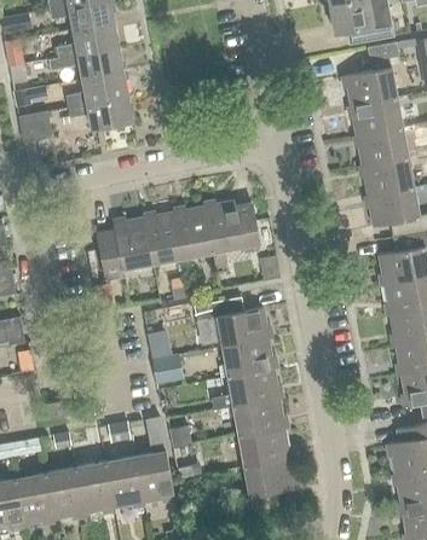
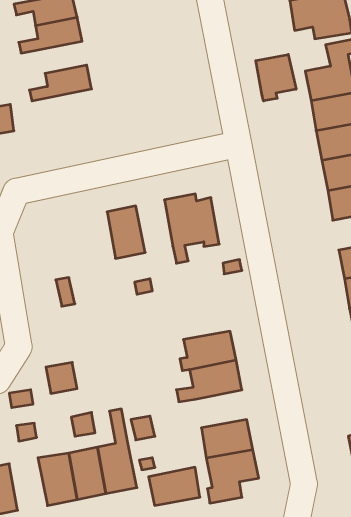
building: [47,45,123,77] -> none
building: none -> [256,54,296,101]
building: [68,93,134,127] -> none
building: [173,205,210,259] -> none
building: [98,217,152,279] -> none
building: [194,296,269,347] -> none
building: [152,354,184,385] -> [46,362,77,393]
building: [233,397,285,436] -> [149,467,200,505]
building: [45,466,83,519] -> none

